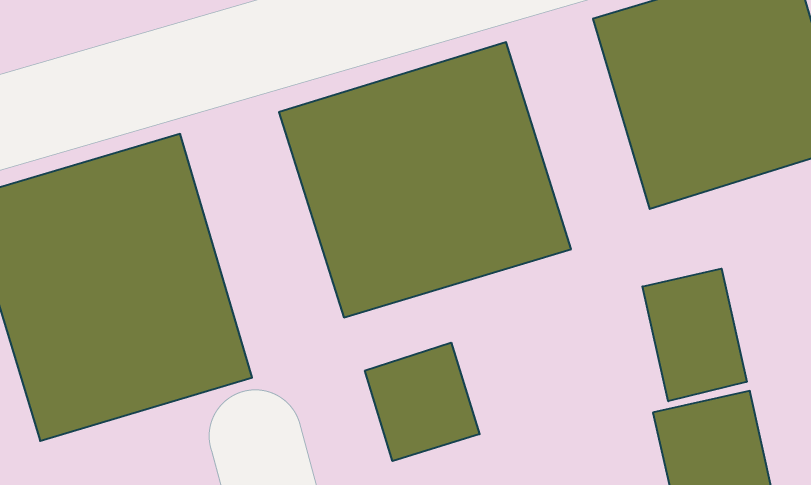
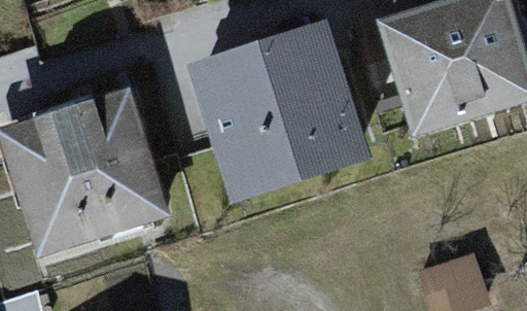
building: [642,269,747,401] -> none
building: [365,343,480,461] -> none

